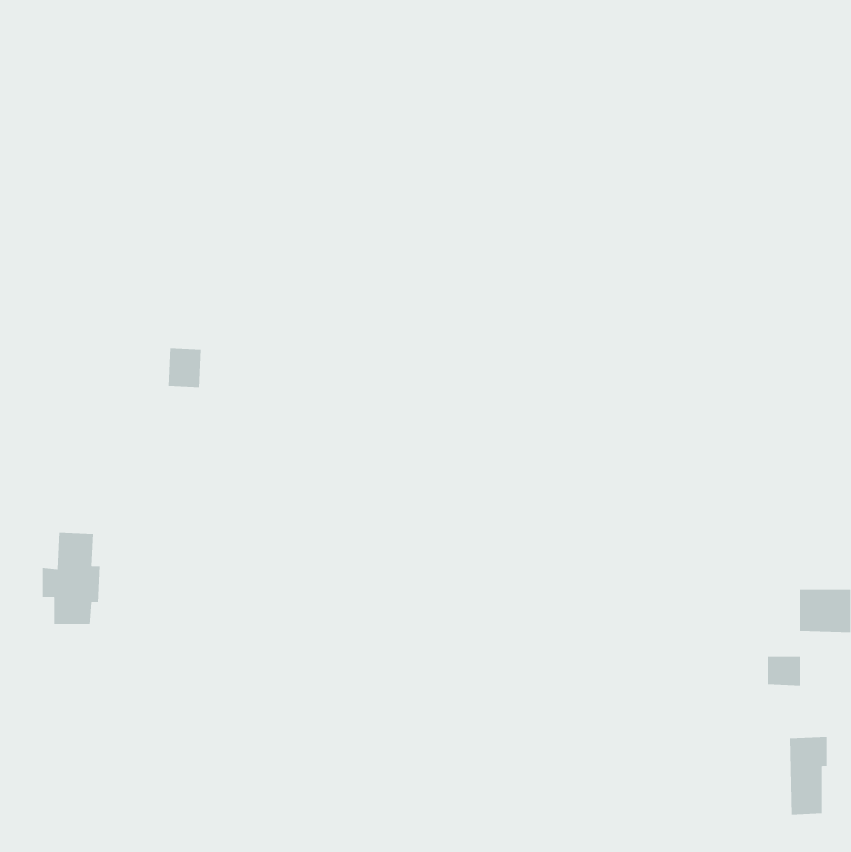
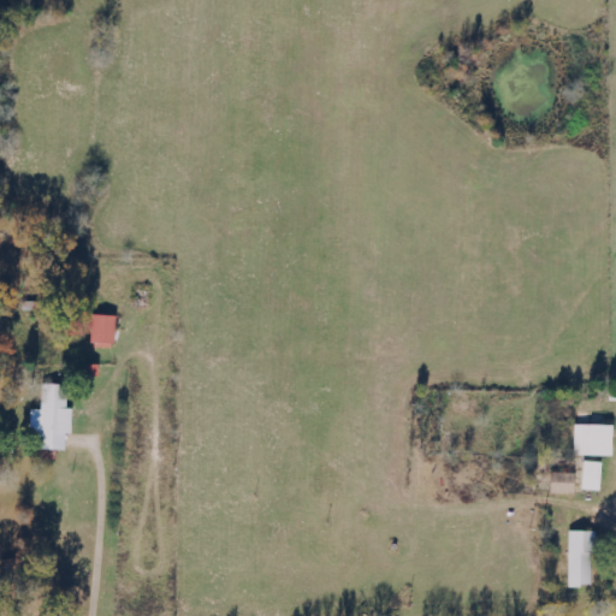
building: [168,348,201,388] -> [91,314,116,343]
building: none -> [582,461,602,490]

